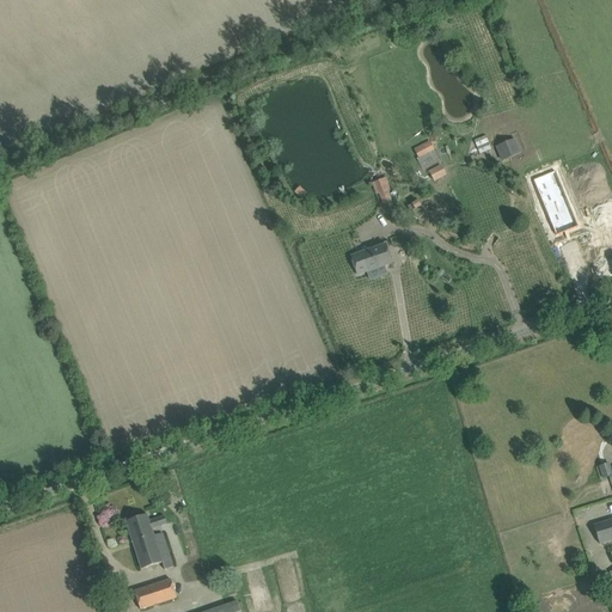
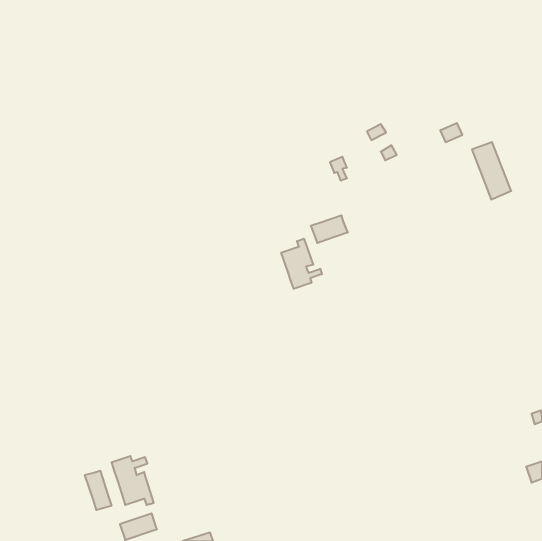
building: none -> [281,239,322,289]
building: none -> [85,471,111,510]

